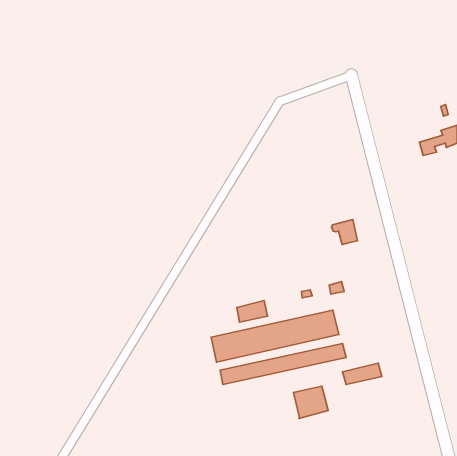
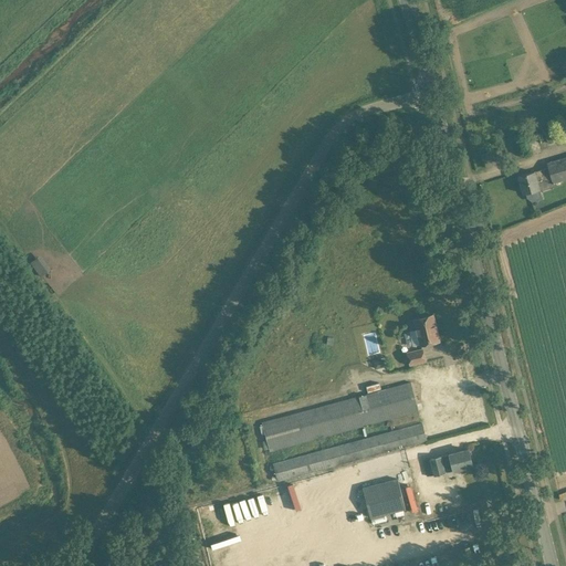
building: [331,219,357,244] -> [407,315,439,346]
building: [237,301,267,322] -> none

